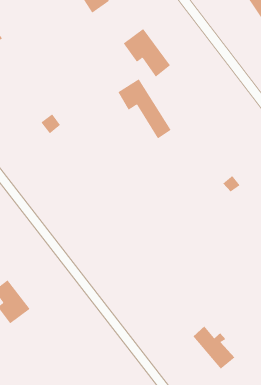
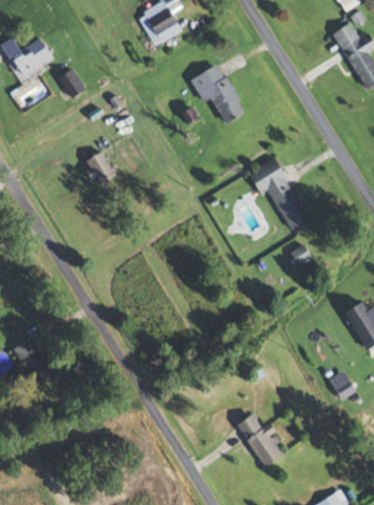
building: none -> [60,69,84,98]
building: [118,78,172,139] -> [249,159,307,231]

